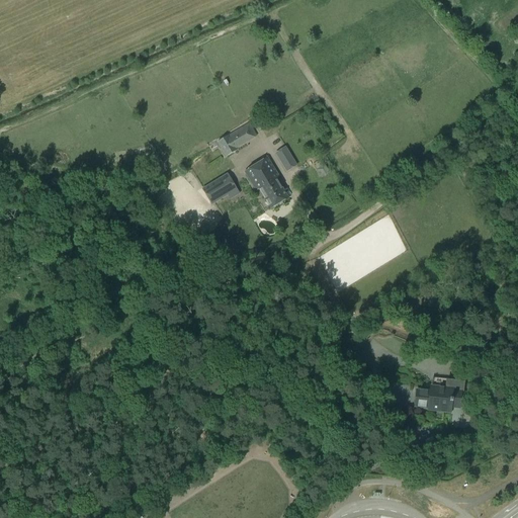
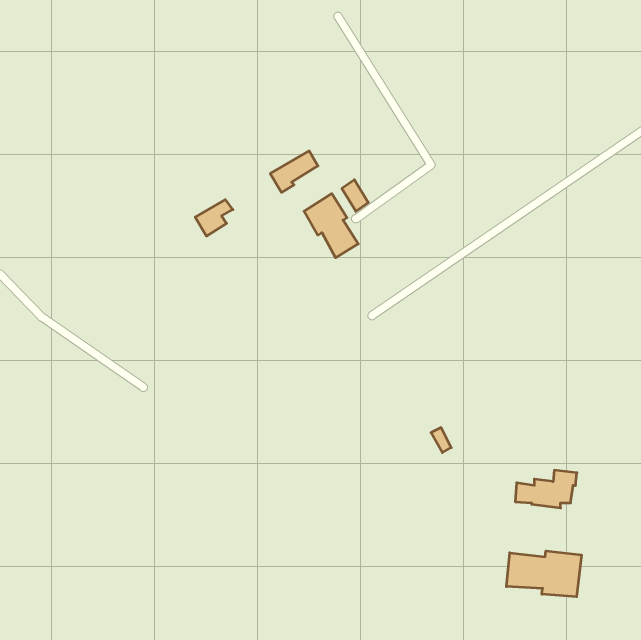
building: [203,173,234,202] -> [195,200,233,236]
building: none -> [506,551,581,597]

